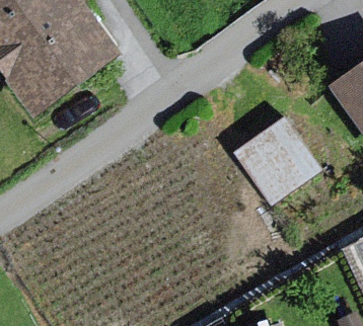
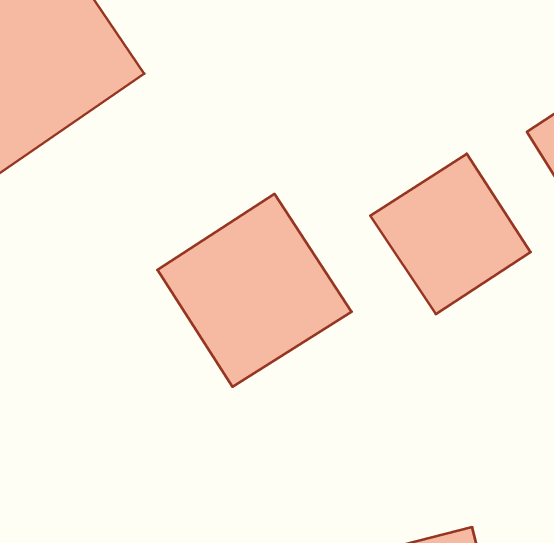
building: none -> [157,194,352,387]

